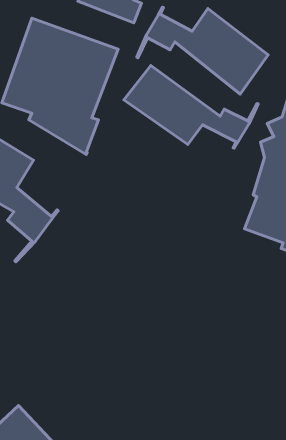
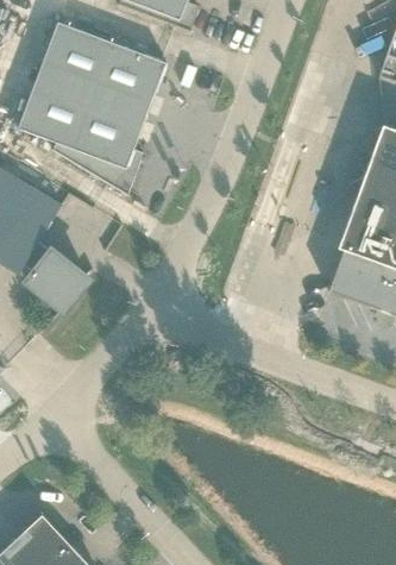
building: [137,7,268,94] -> none
building: [124,65,258,148] -> none

